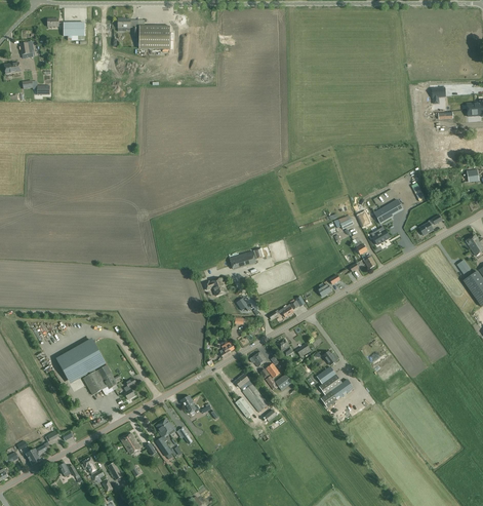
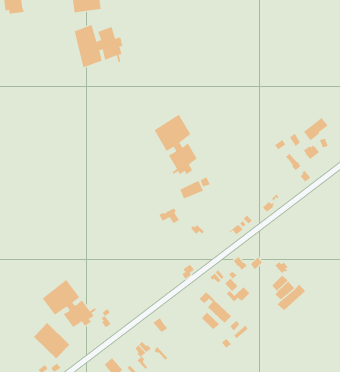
building: none -> [74,24,123,68]
building: none -> [154,114,198,175]
building: none -> [33,322,70,359]

